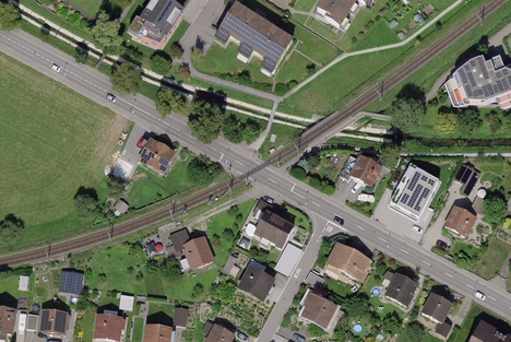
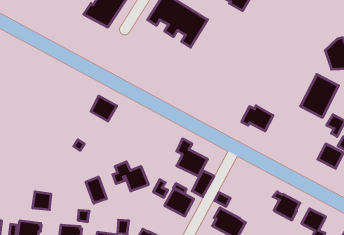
building: [389,163,440,221] -> [300,74,339,117]
building: [325,240,372,281] -> none
building: none -> [86,177,106,203]

